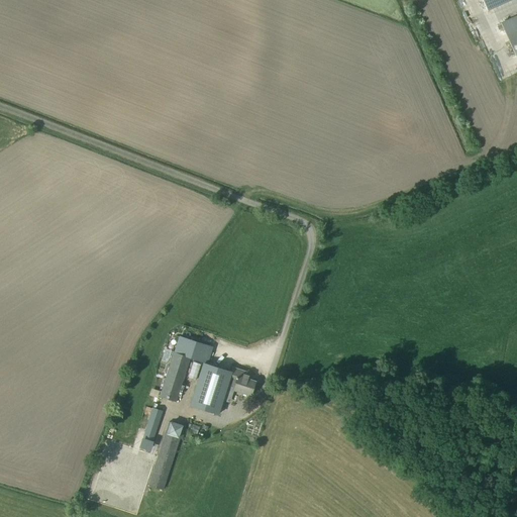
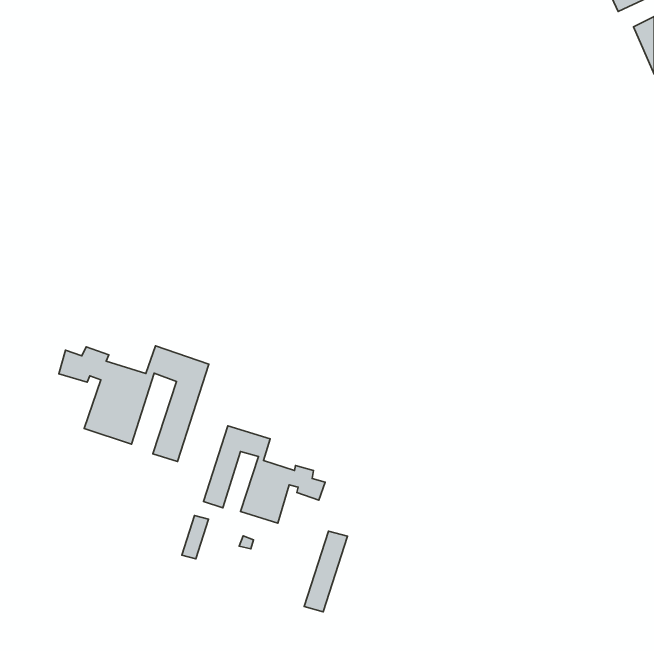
building: none -> [59,346,209,461]
building: [149,420,184,484] -> [304,531,348,612]

